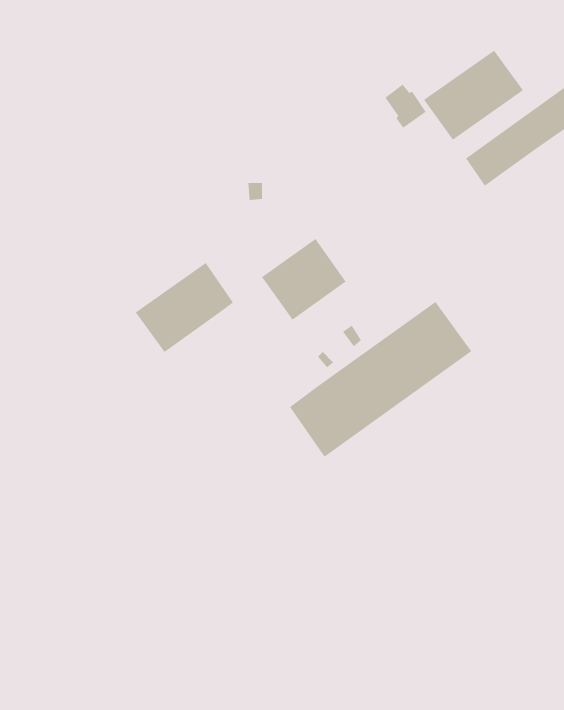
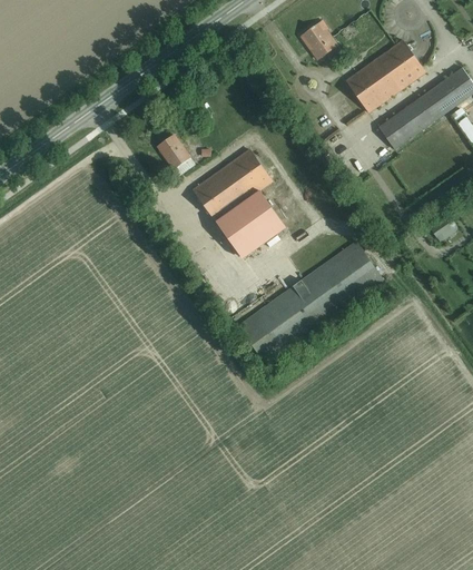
building: [385,84,426,129] -> [303,23,336,59]
building: none -> [157,135,189,168]
building: [135,262,234,353] -> [193,149,272,222]

